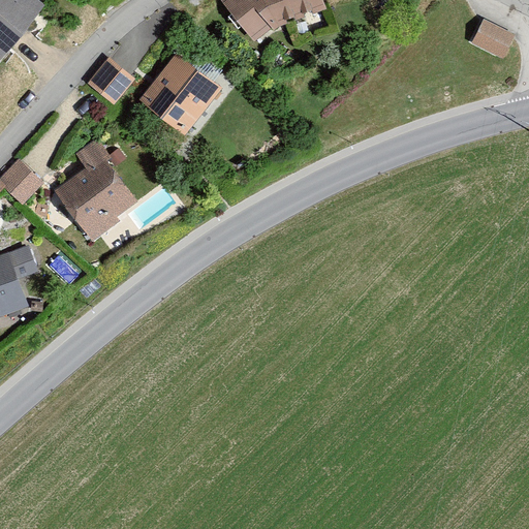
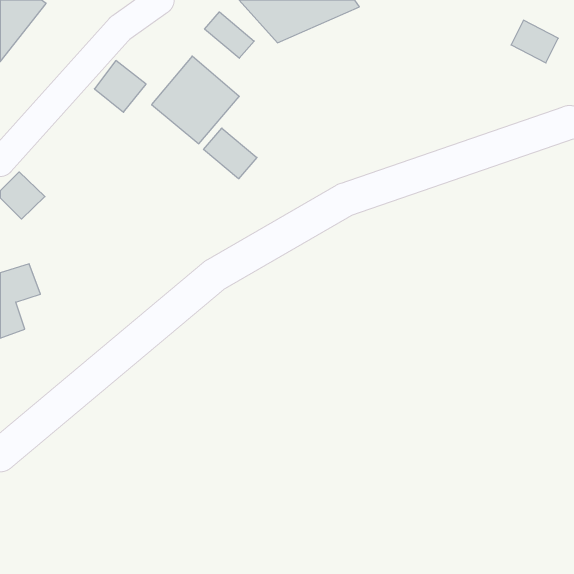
building: none -> [205,12,254,58]
building: none -> [204,128,257,179]
building: [55,139,136,236] -> none

